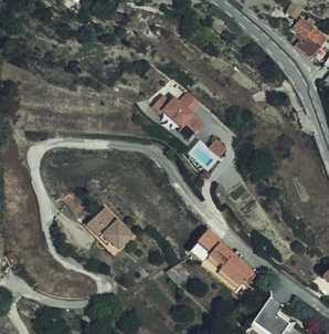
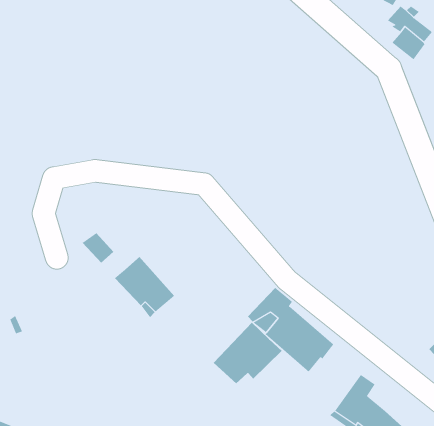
building: [153,82,205,138] -> none
building: none -> [213,322,282,384]

